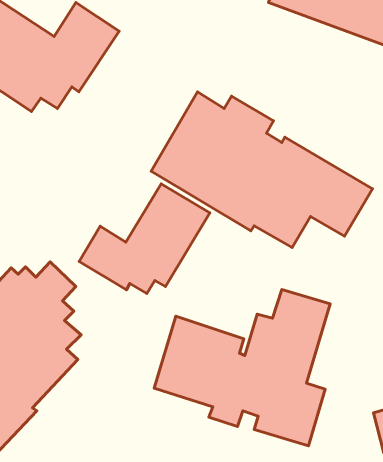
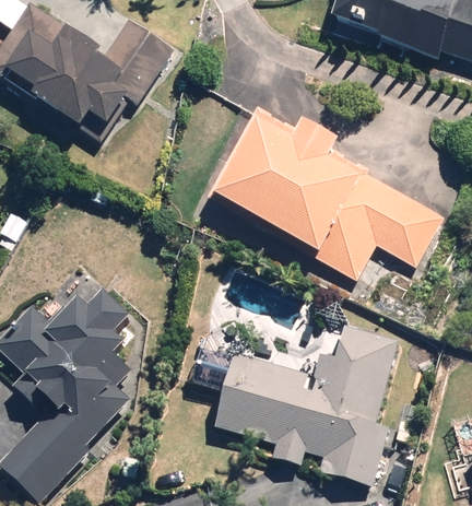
building: [79,184,210,294] -> none

